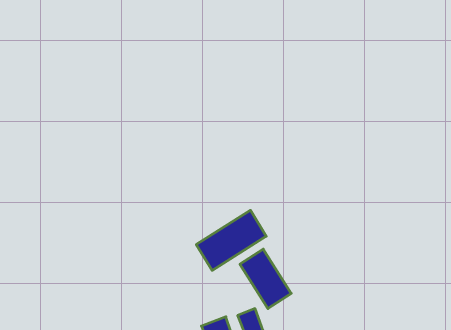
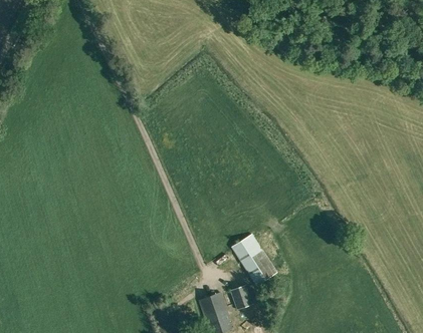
building: [196,210,266,270] -> none

